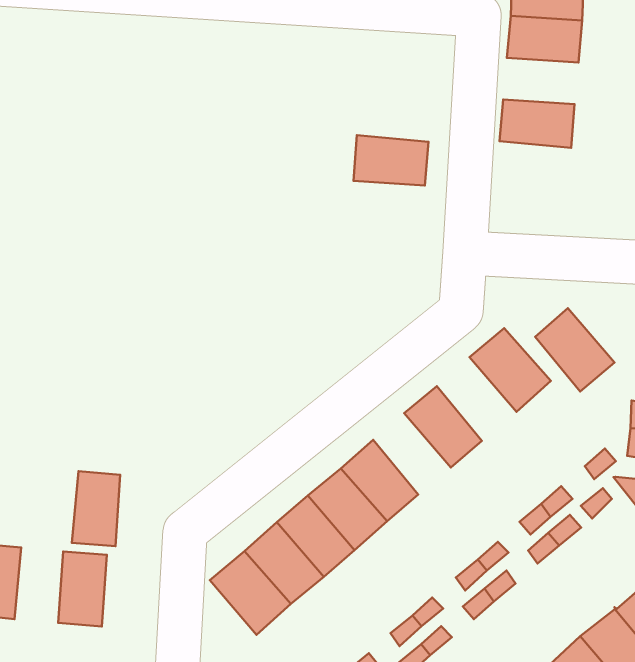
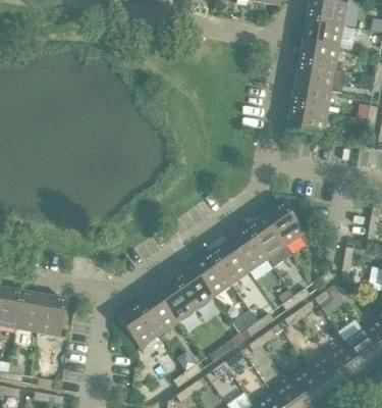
building: none -> [295,62,336,90]
building: [354,135,429,185] -> [287,105,328,135]
building: [535,308,615,392] -> [247,215,286,259]
building: none -> [211,241,250,284]
building: [72,471,120,546] -> [16,291,45,332]

